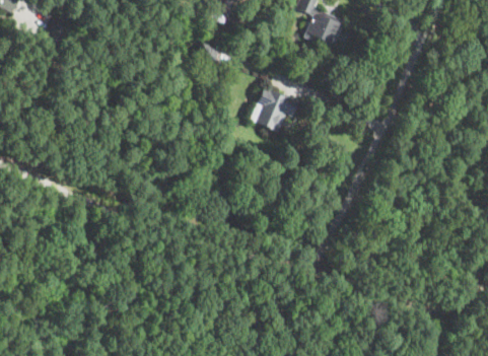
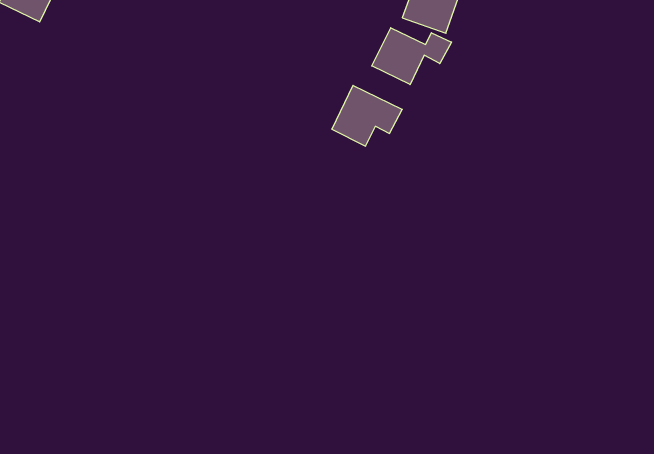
building: none -> [372,28,452,85]

